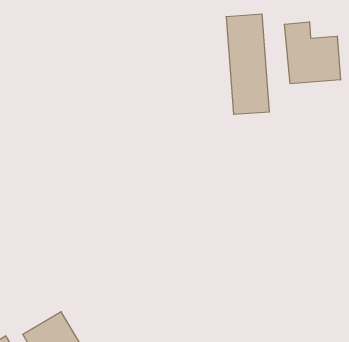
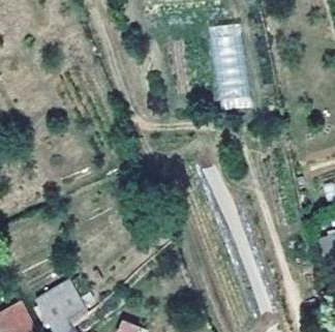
building: [285,22,340,84] -> none

